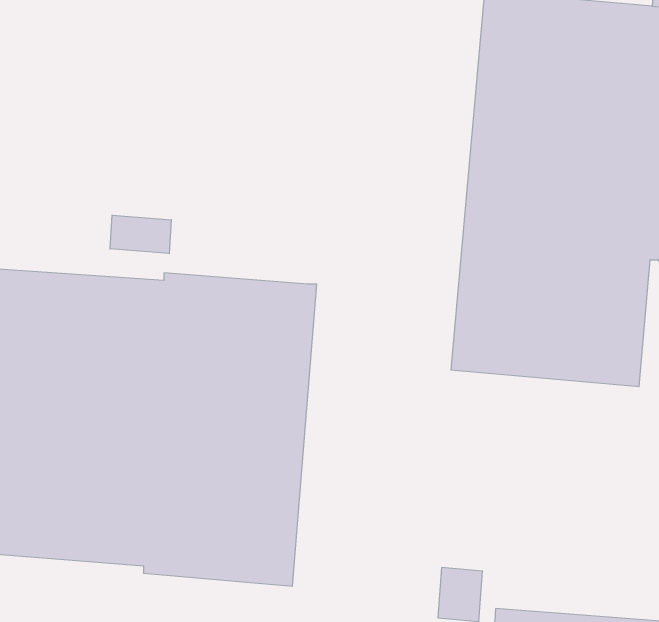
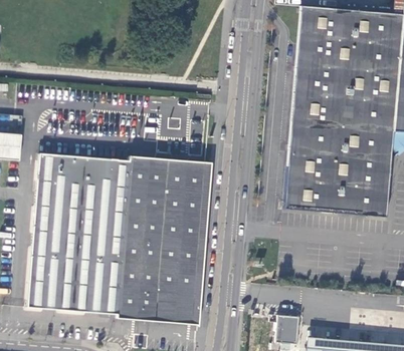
building: [110,215,171,254] -> none

